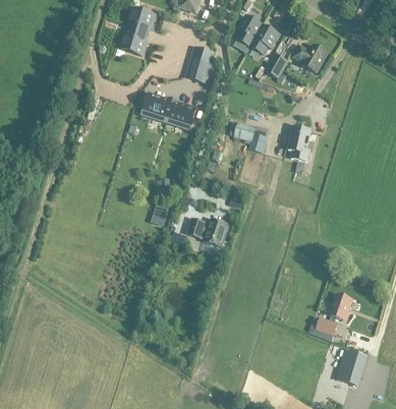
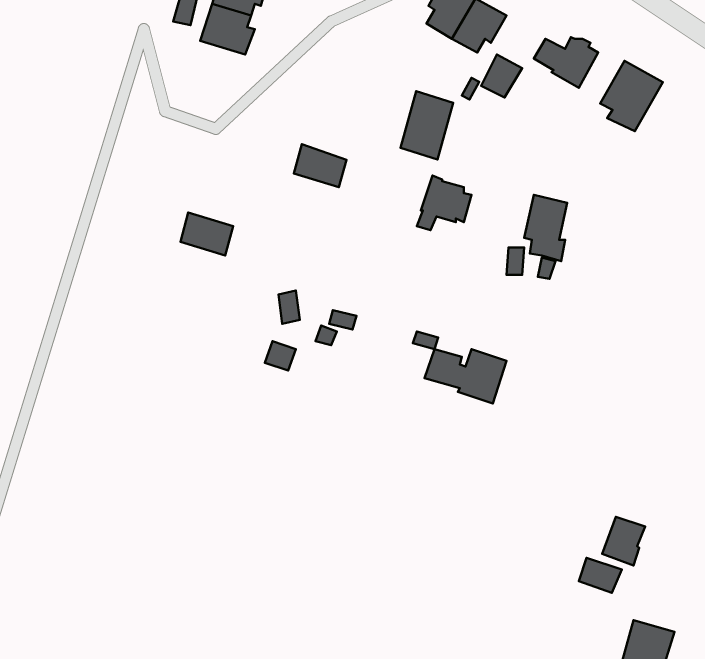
building: [186,47,214,82] -> [400,91,453,160]
building: none -> [600,61,663,131]
building: [145,94,172,116] -> [180,213,233,255]
building: [186,218,229,246] -> [425,349,507,404]

